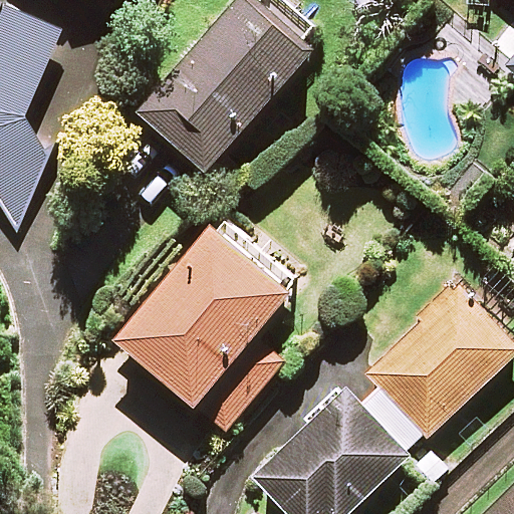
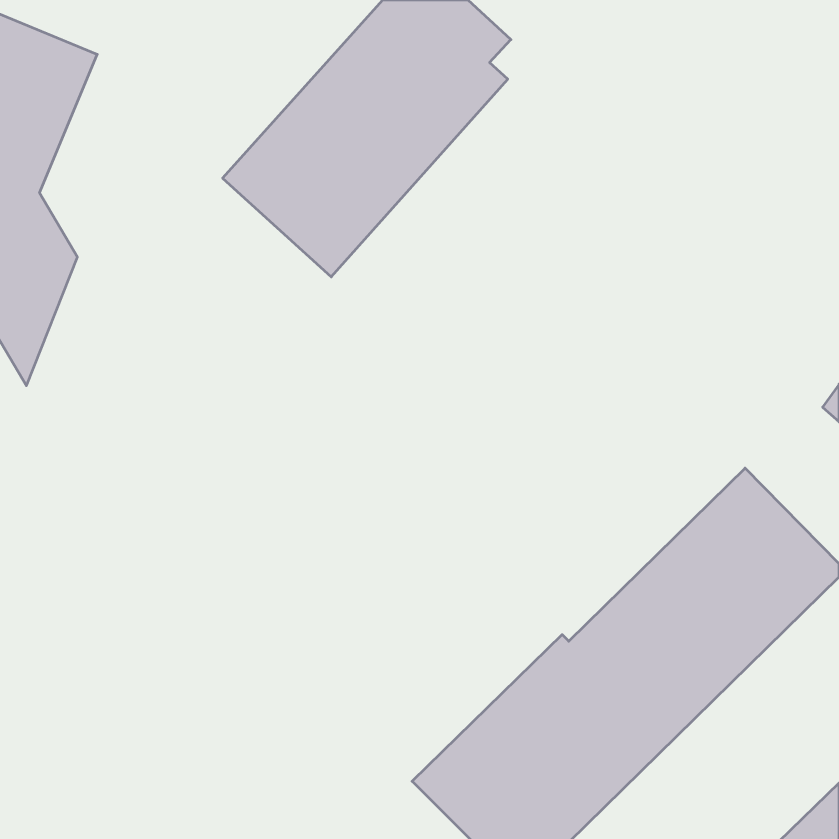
building: [113,225,287,432] -> none

